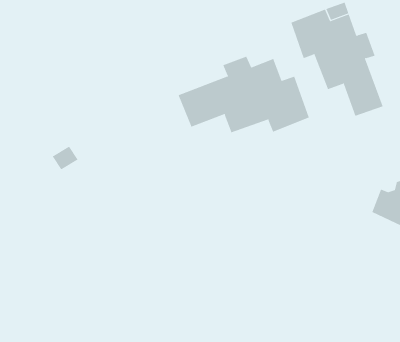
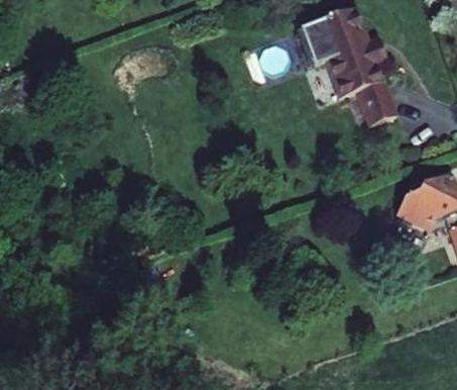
building: [178,56,310,133] -> none

